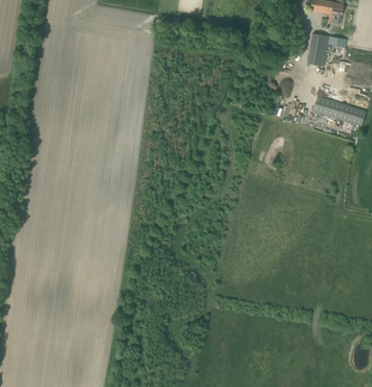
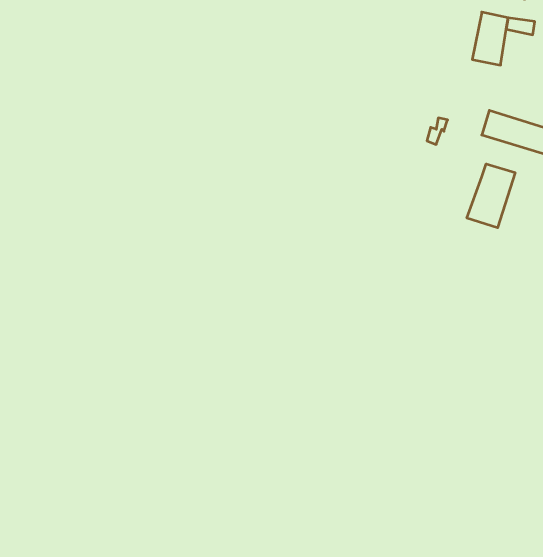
building: none -> [467,164,515,228]

